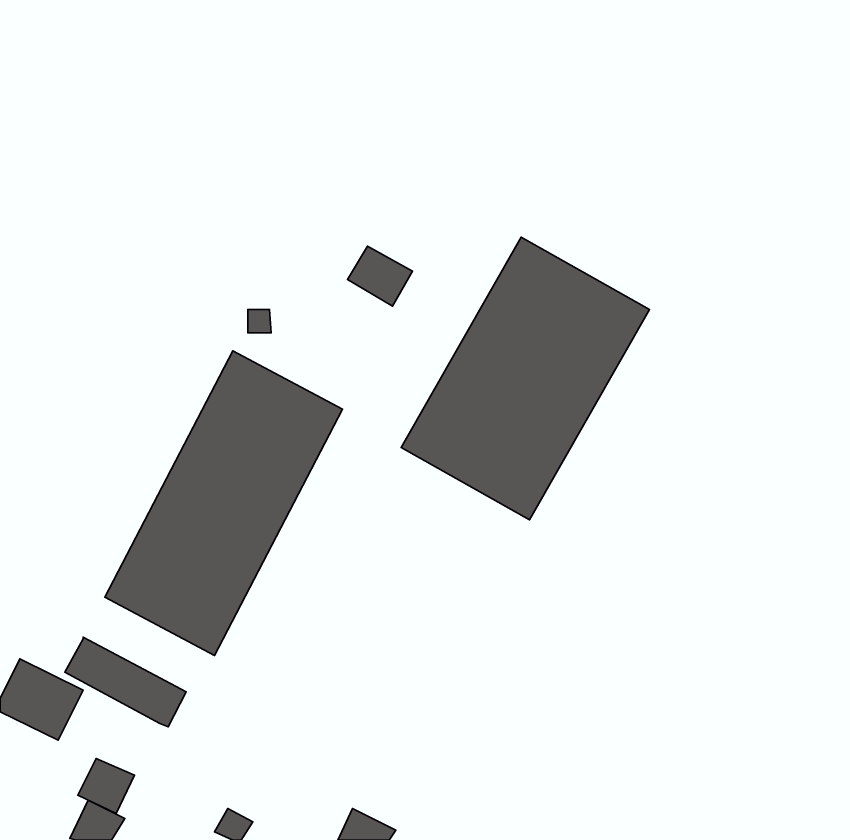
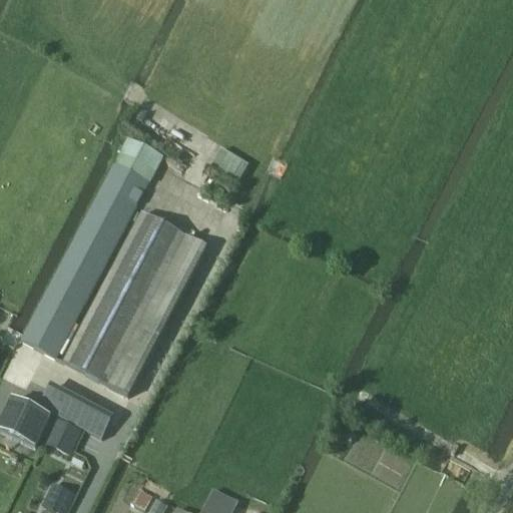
building: none -> [21,137,162,357]
building: [401,237,650,520] -> none
building: [78,759,134,813] -> [46,419,80,452]

